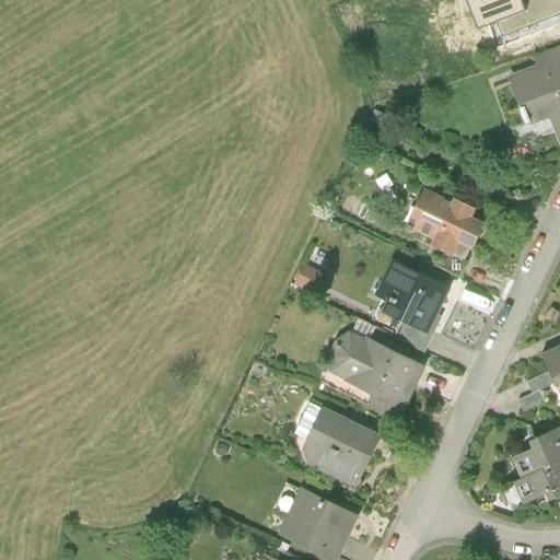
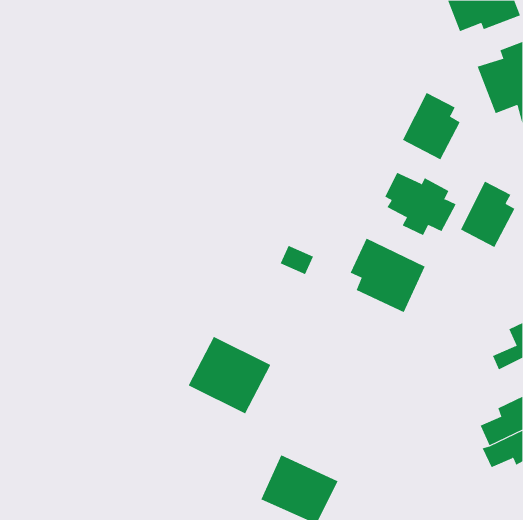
building: none -> [402,92,460,160]
building: none -> [460,181,515,248]
building: [322,327,429,419] -> none
building: [295,406,384,489] -> [188,336,271,414]

